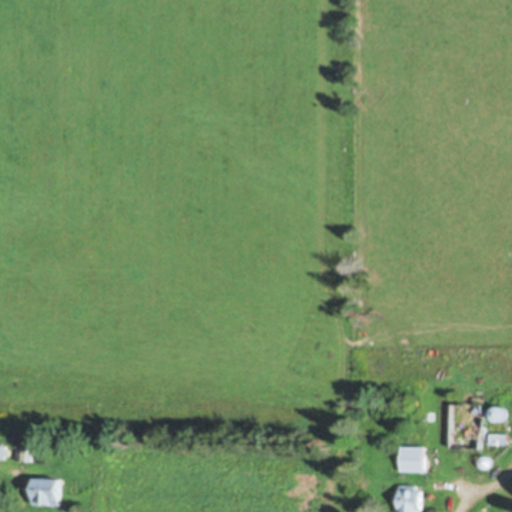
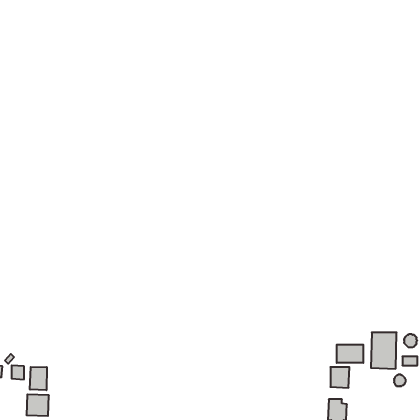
building: none -> [337,345,363,363]
building: none -> [30,367,47,390]

